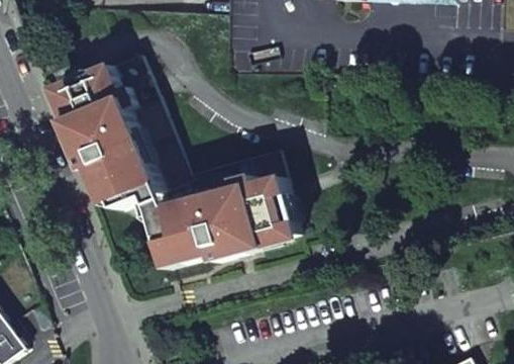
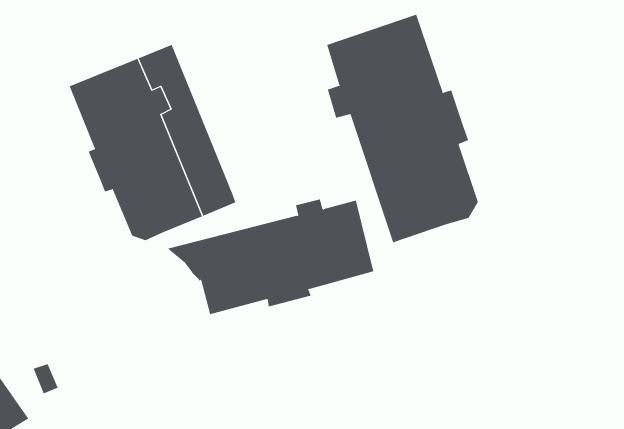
building: none -> [326,14,478,243]
building: [130,151,284,216] -> none

